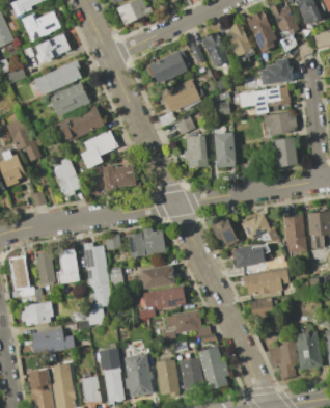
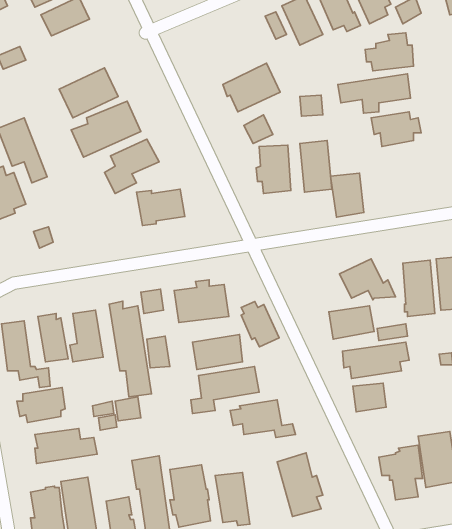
building: [145,51,188,84] -> none
building: [34,60,81,96] -> none
building: [274,137,297,167] -> [331,173,364,217]
building: [53,157,81,197] -> none
building: [212,216,238,247] -> [241,302,279,347]
building: [180,357,204,392] -> none

